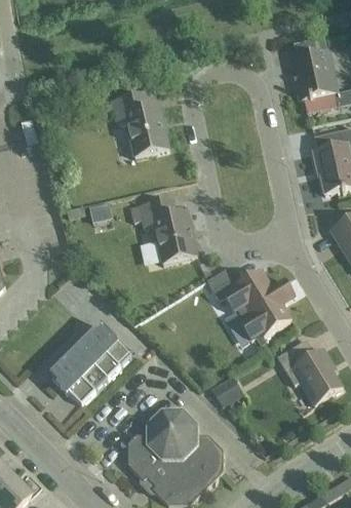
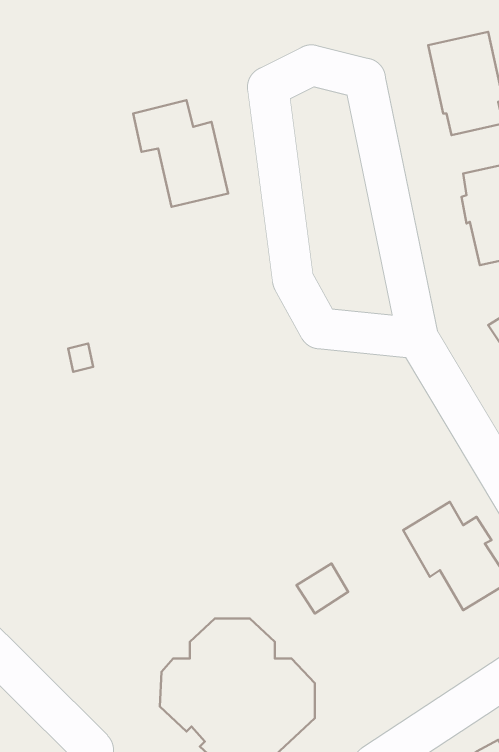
building: [139,197,197,264] -> none
building: [207,266,291,342] -> none
building: [50,325,130,404] -> none

